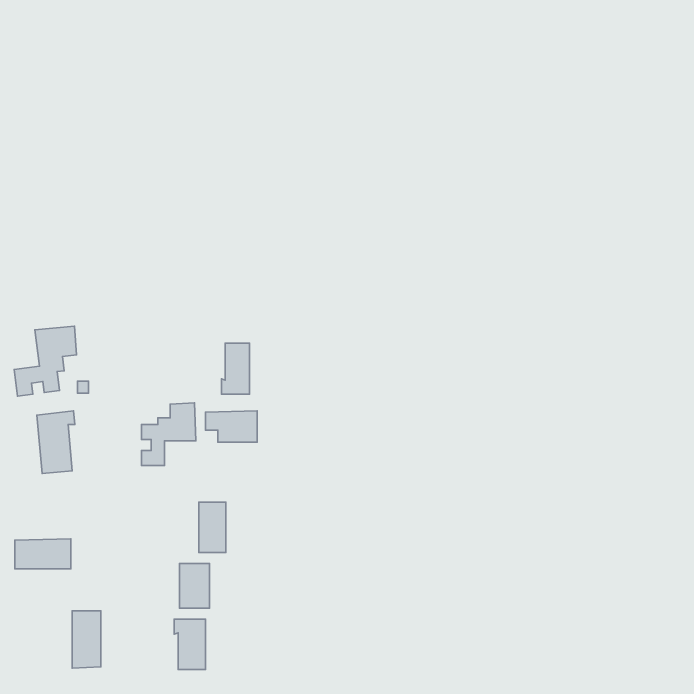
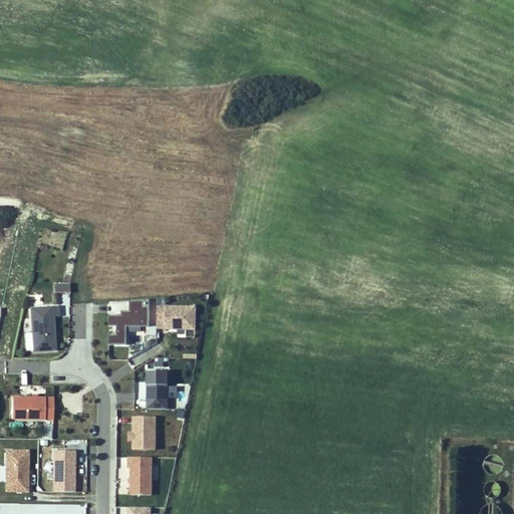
building: [14,326,77,396] -> none
building: [221,343,250,394] -> none
building: none -> [8,450,29,491]

